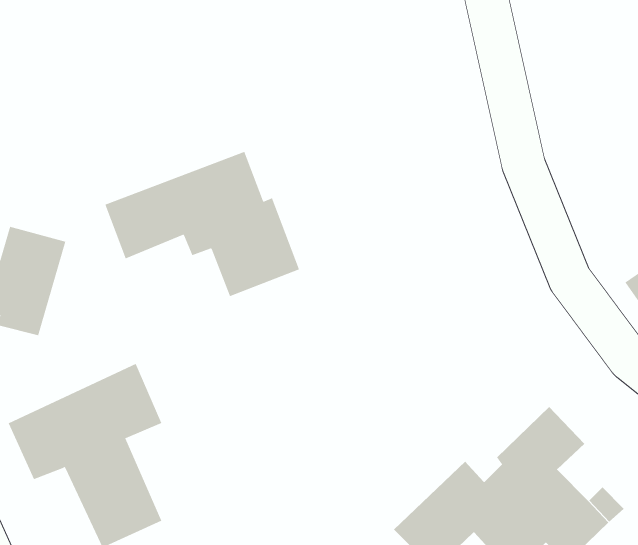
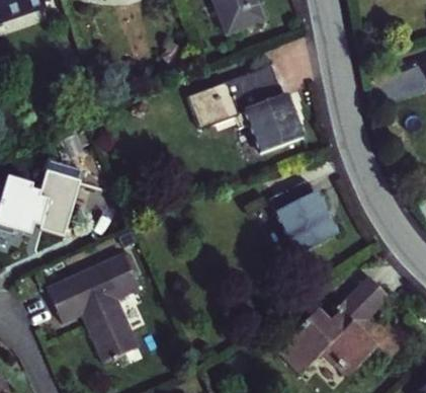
building: [104,151,300,297] -> [187,66,303,152]
building: none -> [268,181,338,253]

